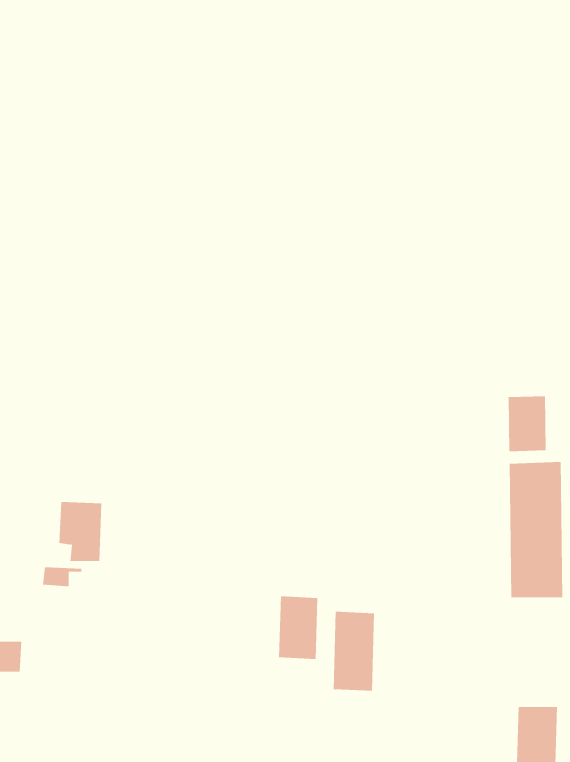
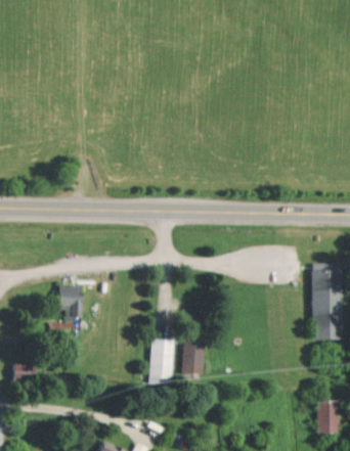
building: [508,396,546,452] -> none
building: [333,611,375,691] -> [149,339,173,384]

